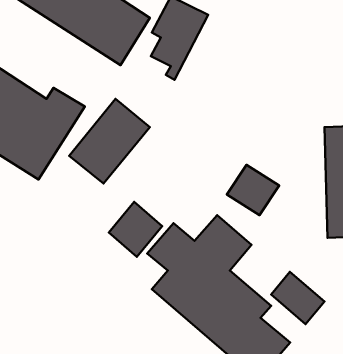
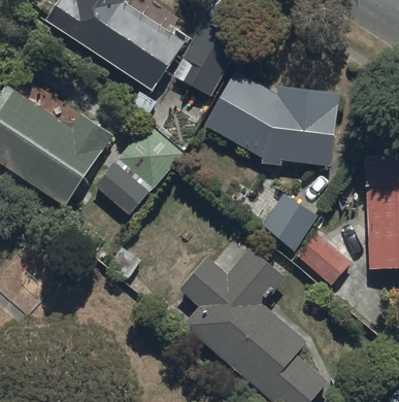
building: none -> [205,71,340,166]
building: [109,202,162,257] -> none
building: [271,272,324,324] -> [295,232,351,287]

